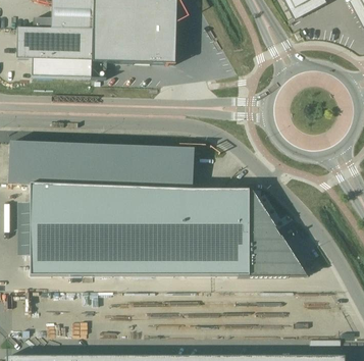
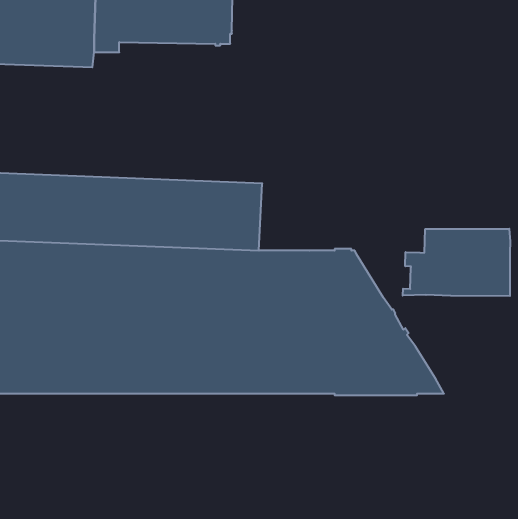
building: none -> [403,229,510,296]

